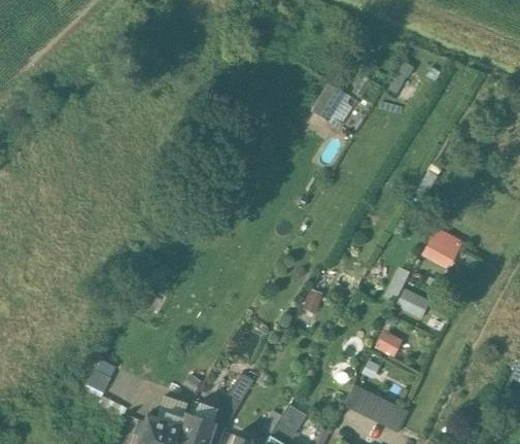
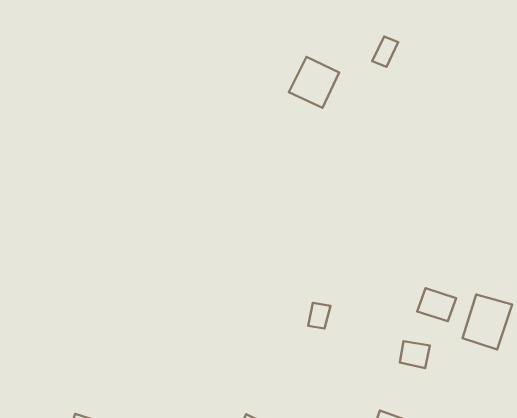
building: [419,226,462,269] -> none
building: none -> [462,294,512,349]

